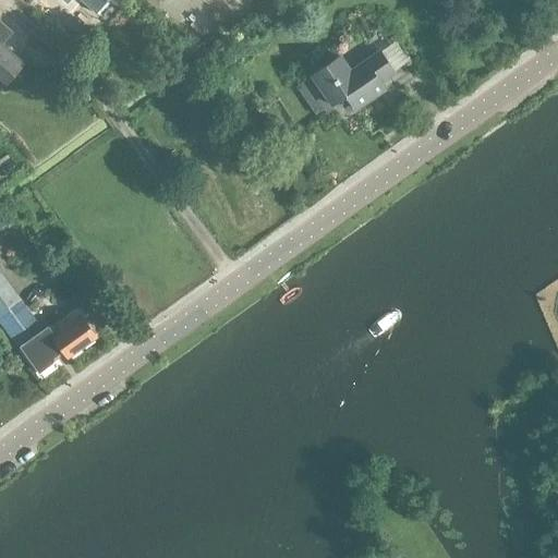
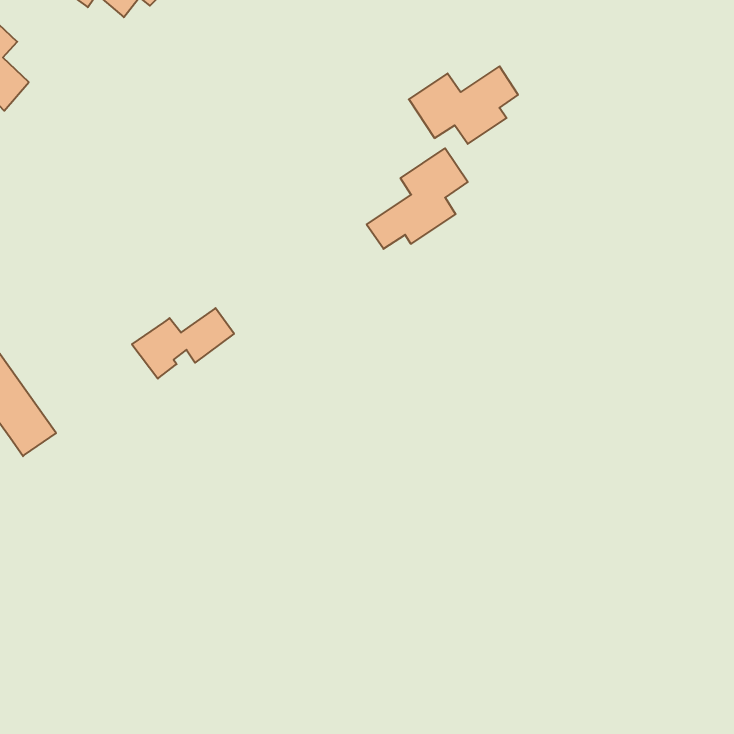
building: none -> [367,148,468,249]
building: [19,317,96,371] -> [132,308,234,379]

